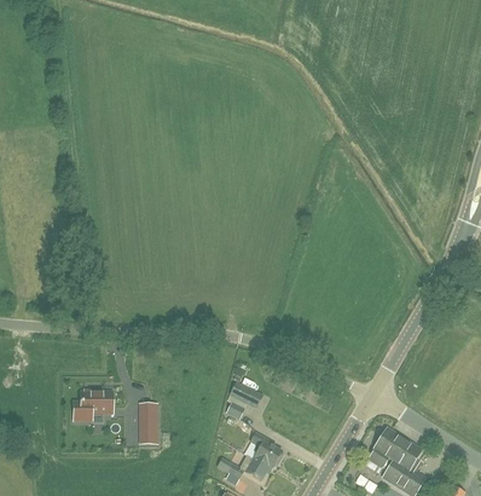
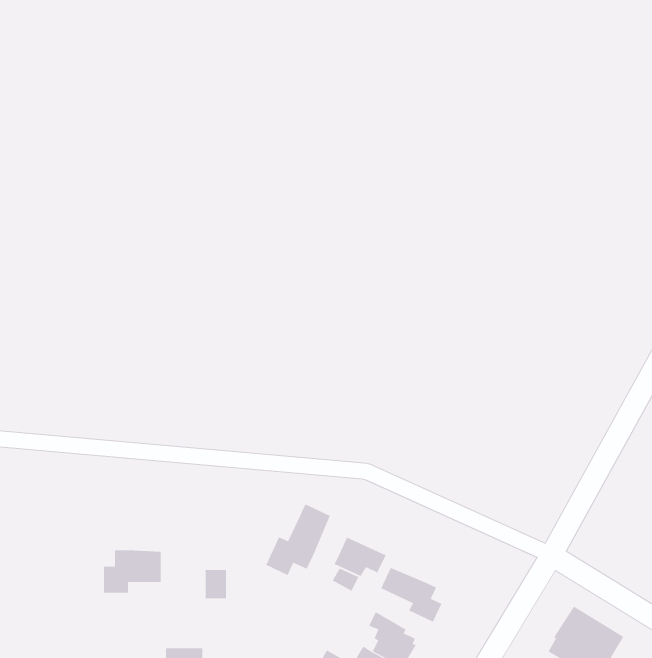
building: none -> [265,504,330,576]
building: none -> [381,567,442,622]

